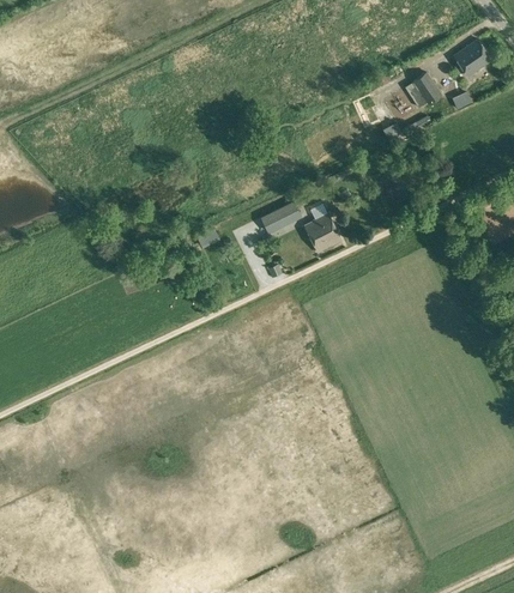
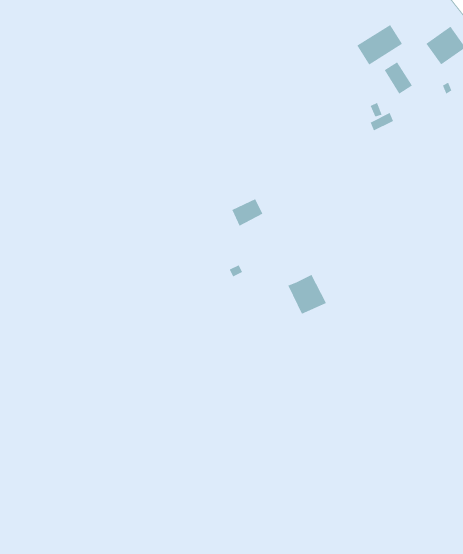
building: none -> [357,24,403,65]
building: [303,213,340,252] -> [288,274,327,315]

